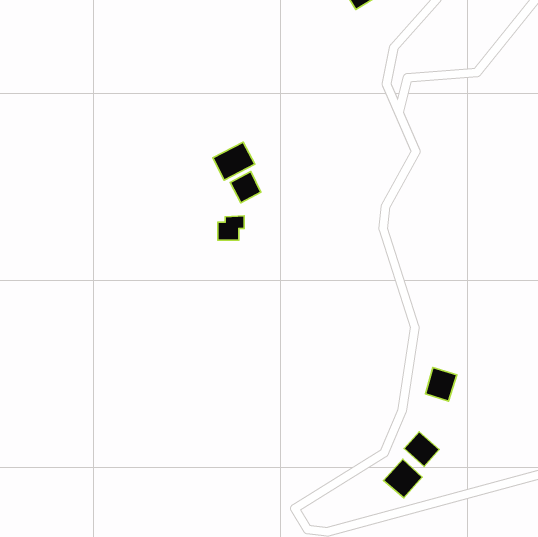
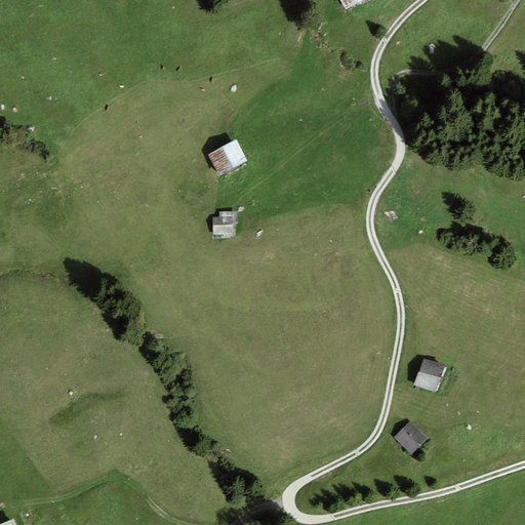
building: [230,172,261,203] -> none
building: [384,459,422,498] -> none

